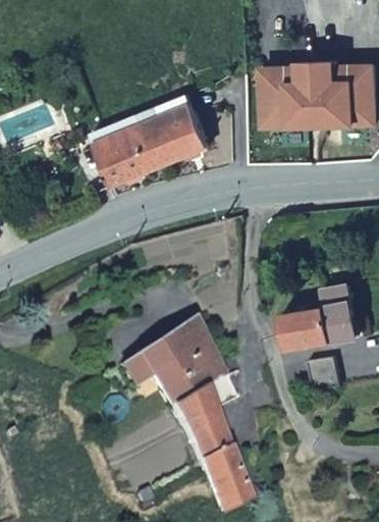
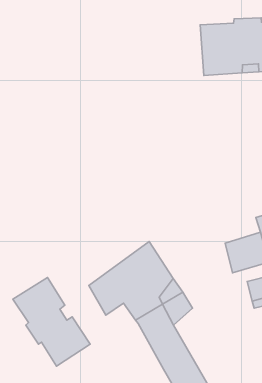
building: [99,87,215,178] -> none
building: none -> [13,278,90,366]

